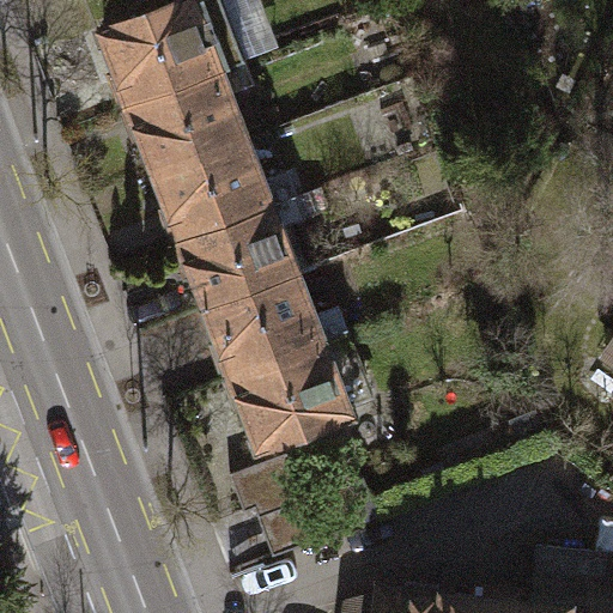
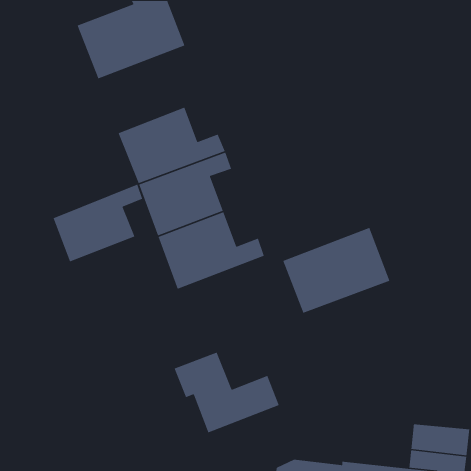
building: [126,67,247,178] -> none
building: none -> [53,183,143,263]
building: [227,336,366,448] -> [282,227,390,314]

